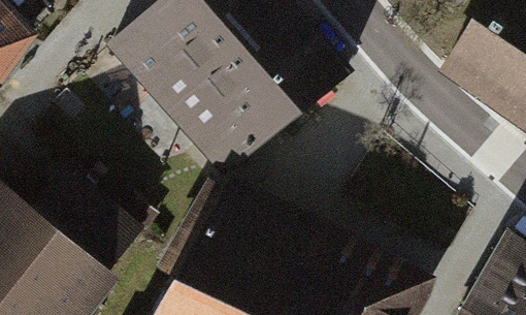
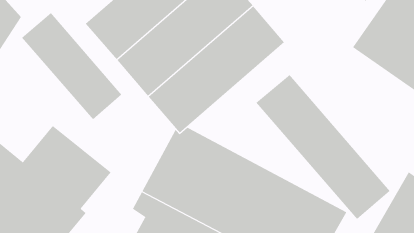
building: none -> [21,12,122,120]
building: none -> [256,74,390,220]

